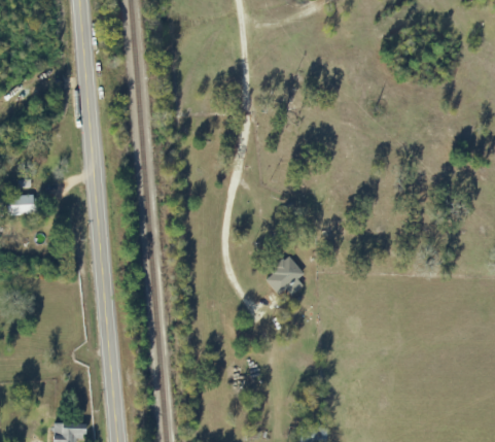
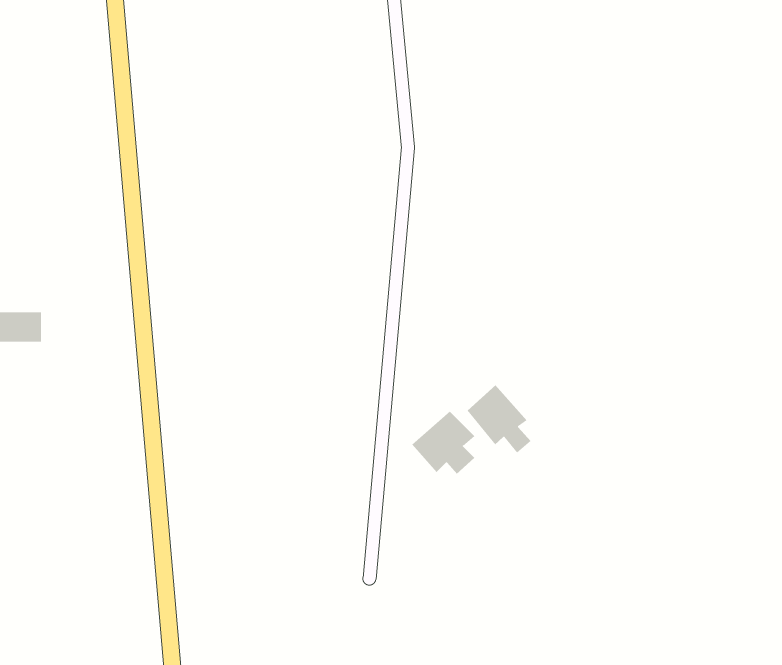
building: none -> [467,385,532,453]

